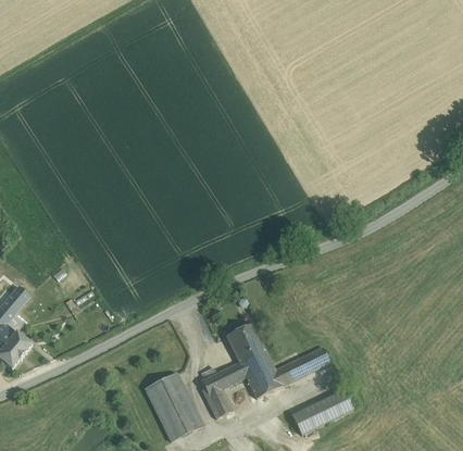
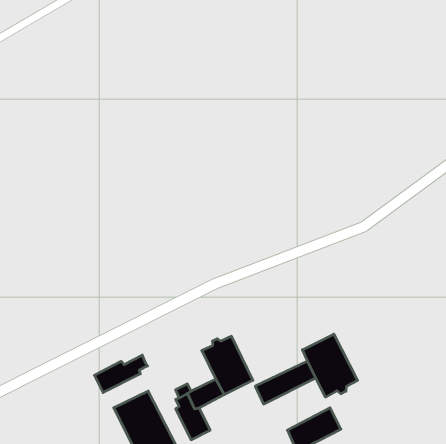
building: none -> [302,334,358,397]
building: none -> [94,355,148,393]
building: [246,363,281,398] -> none

